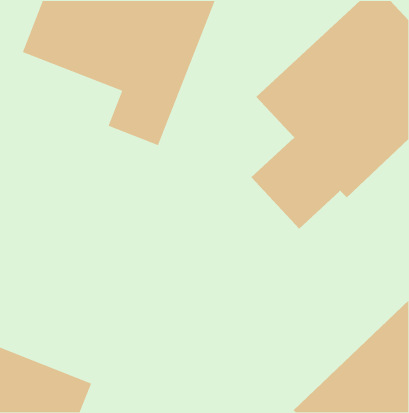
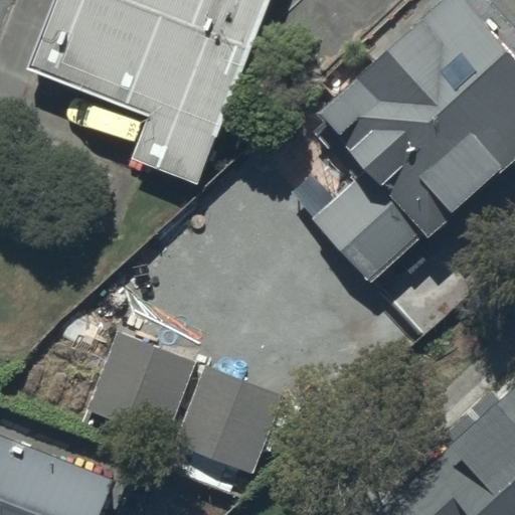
building: none -> [85,334,282,479]

